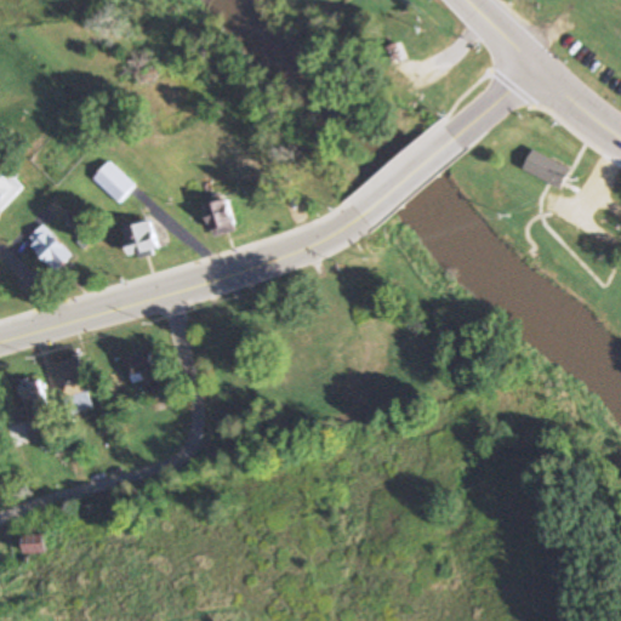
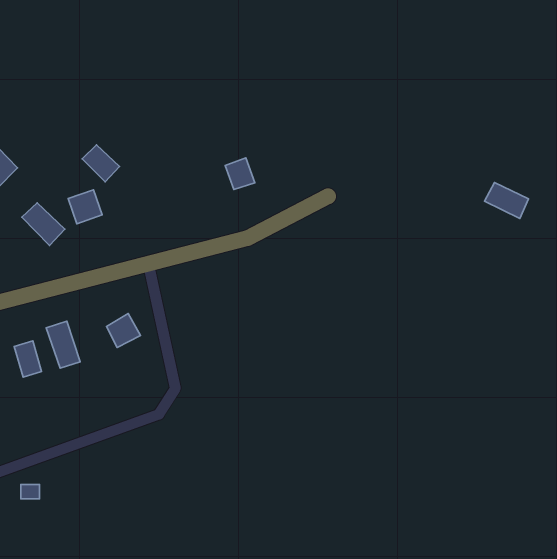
building: [522,148,570,188] -> [485,182,529,219]
building: [201,198,234,233] -> [225,158,255,190]
building: [119,218,156,256] -> [68,190,102,224]

